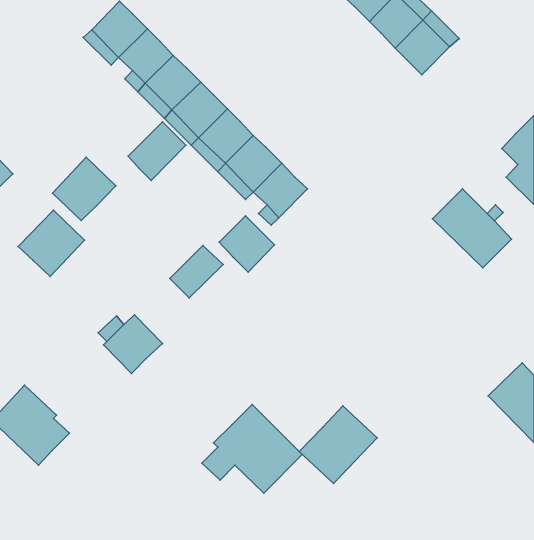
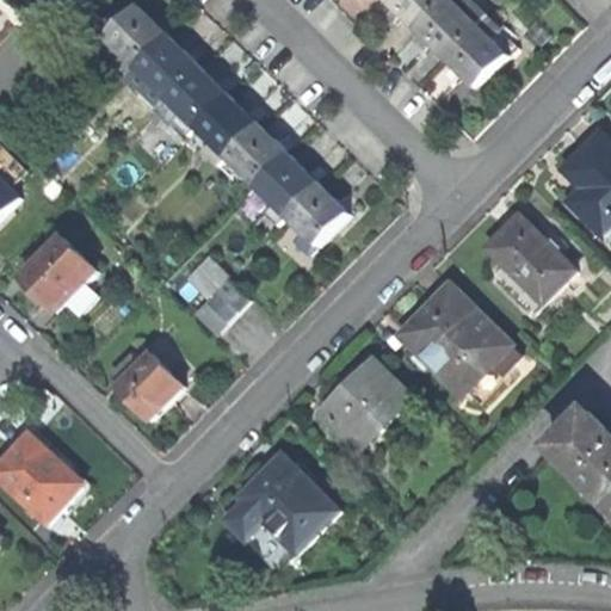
building: [128,122,186,180] -> none
building: [53,157,116,221] -> none
building: [219,216,275,272] -> none
building: none -> [399,283,518,402]
building: [299,406,377,484] -> [322,360,409,448]
building: none -> [246,520,295,569]

